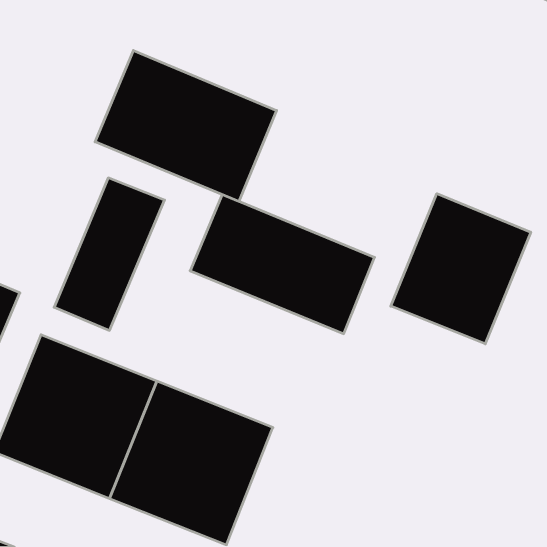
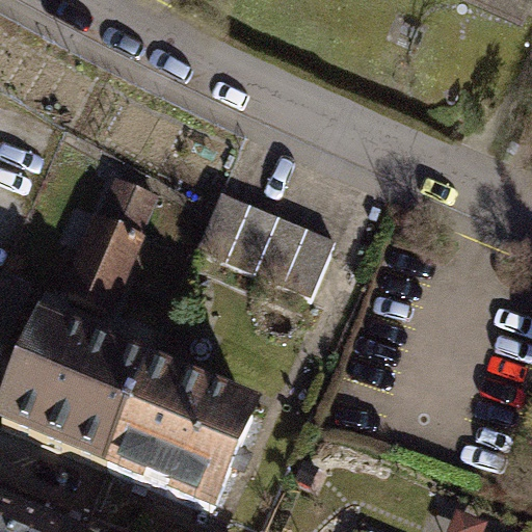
building: [95,50,277,201] -> none
building: [391,194,531,344] -> none

